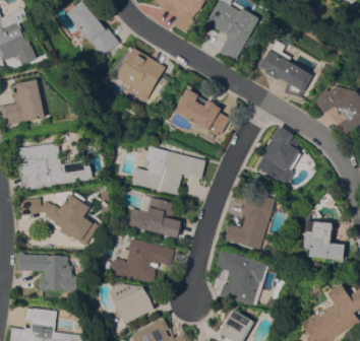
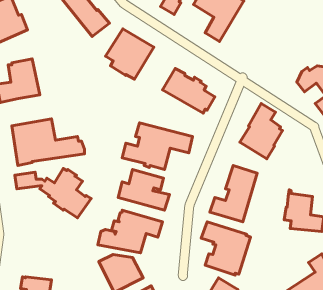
building: [258,40,312,96] -> none
building: [16,253,77,291] -> none

